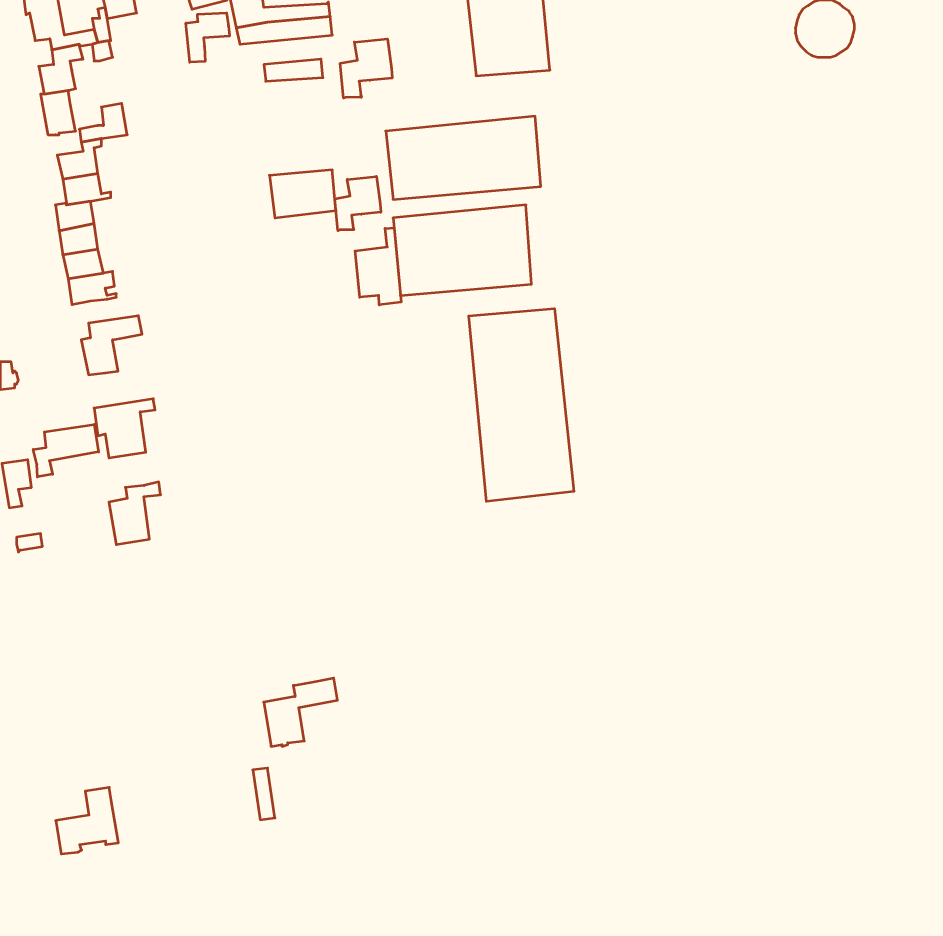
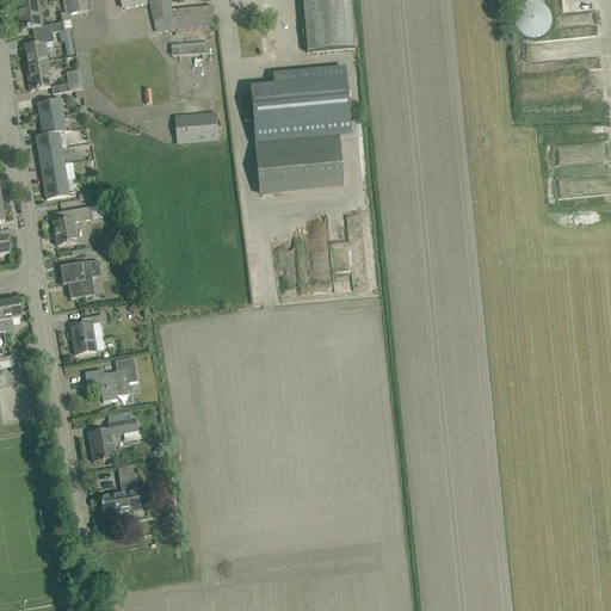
building: [186,13,229,62] -> none
building: [340,39,392,98] -> none
building: [335,176,381,231] -> none
building: [355,228,401,305] -> none
building: [469,309,574,501] -> none
building: [33,424,99,477] -> none
building: none -> [85,356,137,400]
building: [264,678,337,746] -> [90,415,137,459]
building: [56,787,118,854] -> [100,471,141,514]

